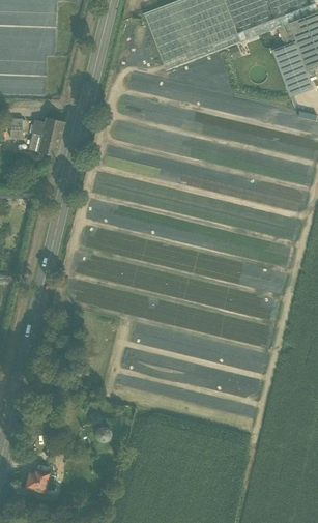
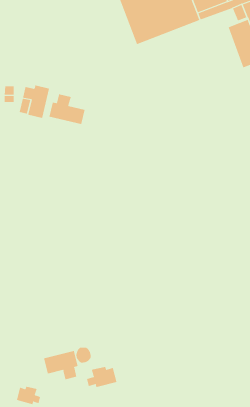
building: none -> [49,94,85,125]
building: none -> [43,350,78,380]
building: none -> [87,366,117,388]

